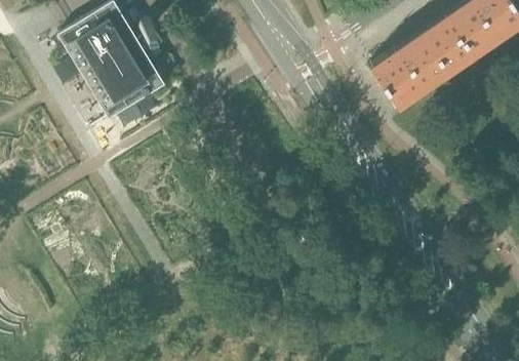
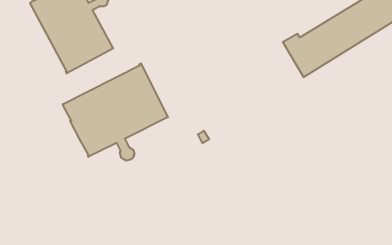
building: none -> [63,63,168,161]

